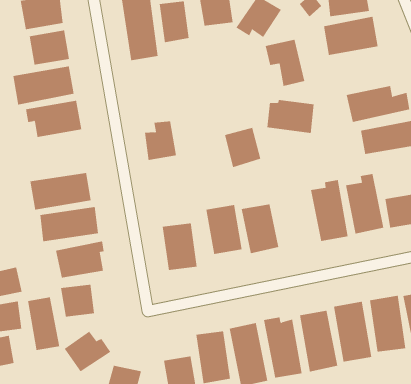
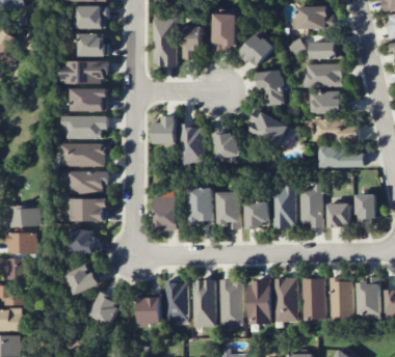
building: none -> [311,90,342,113]
building: none -> [181,125,204,162]
building: none -> [61,115,108,139]
building: none -> [245,201,268,227]
building: [27,296,60,351] -> none

